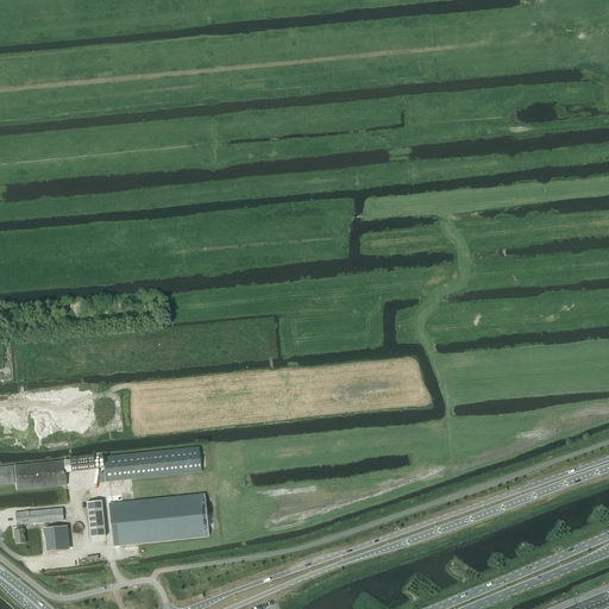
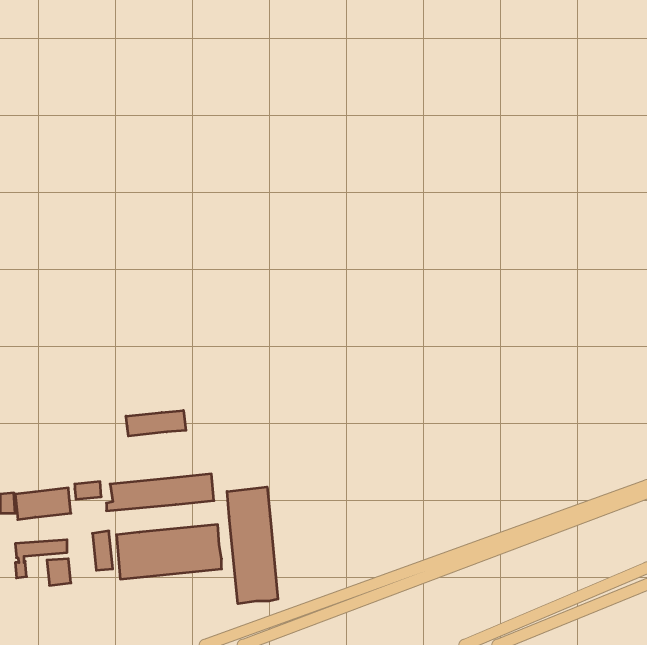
building: none -> [126,410,186,436]
building: none -> [227,487,278,604]

